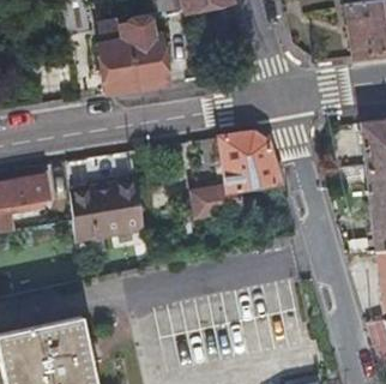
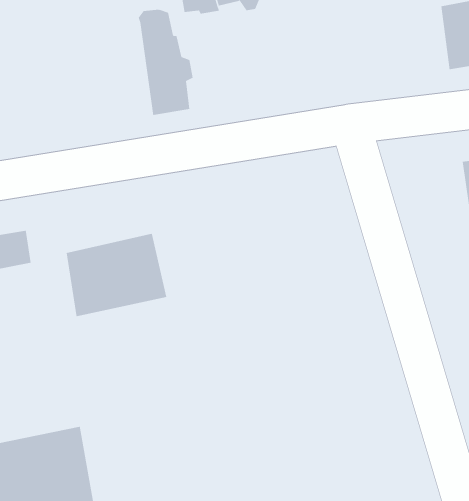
building: [101,23,137,96] -> none
building: [188,132,284,215] -> none

